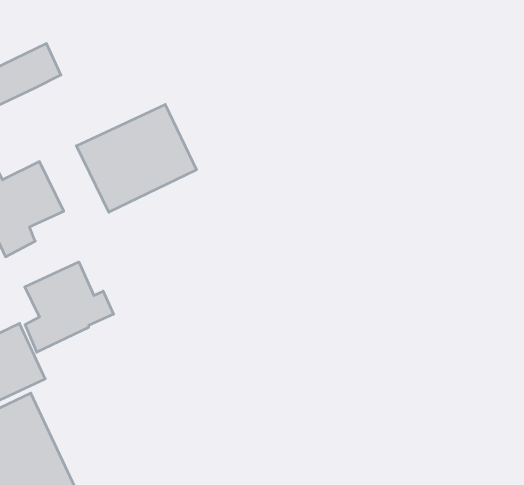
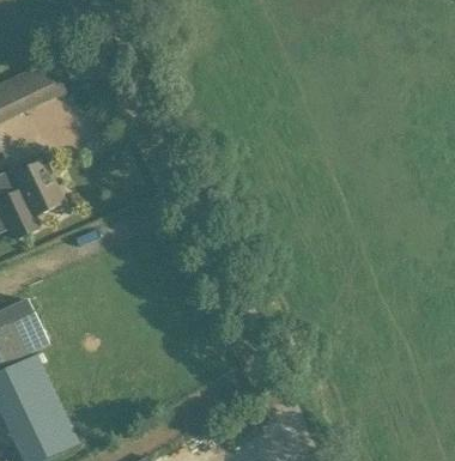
building: [76,104,196,212] -> none
building: [25,262,114,352] -> none

